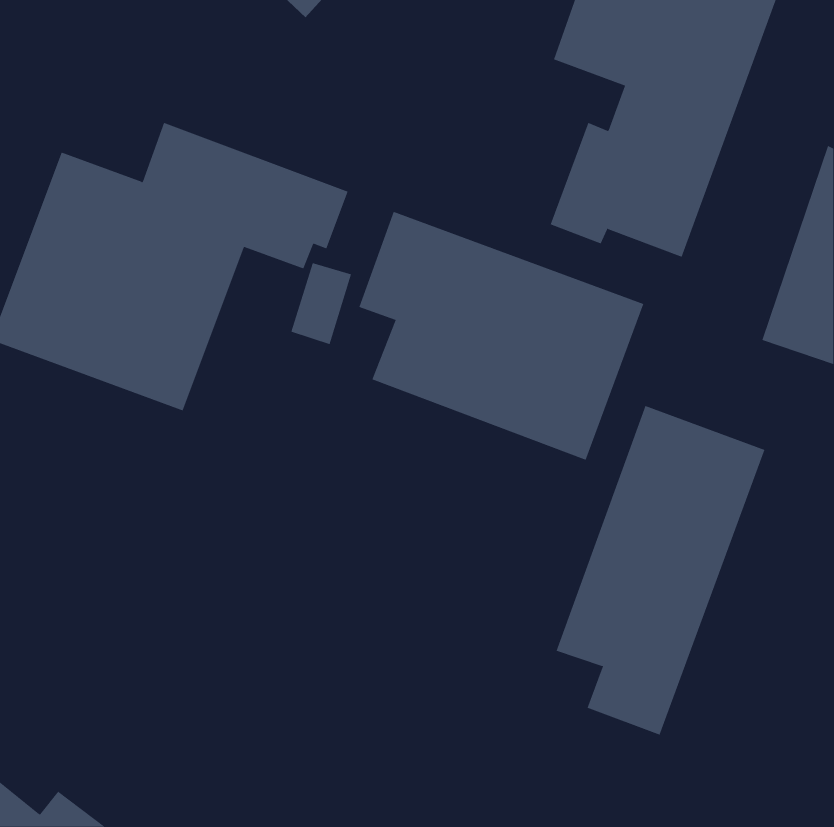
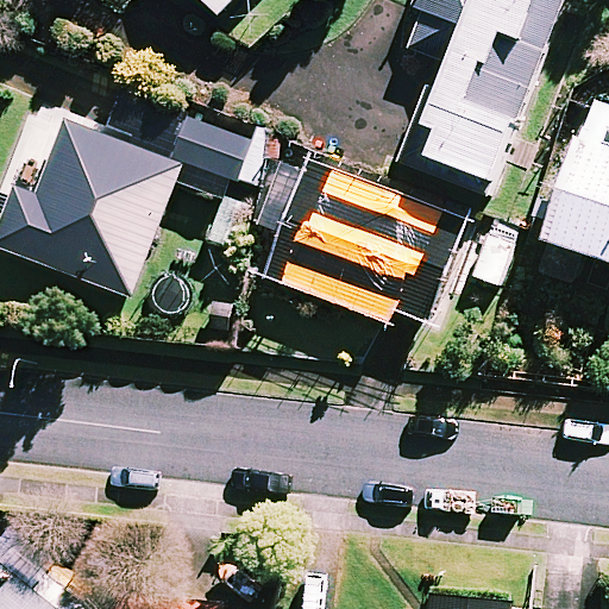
building: [556,405,765,736] -> none

